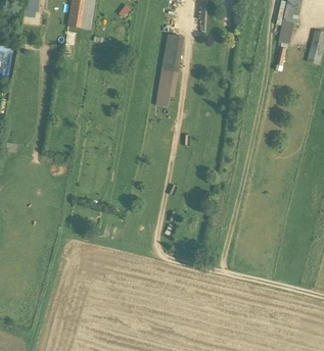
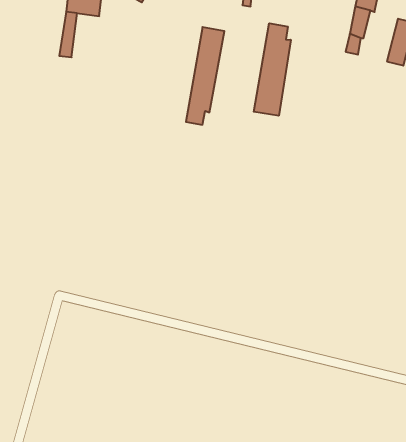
building: none -> [254,23,291,116]

